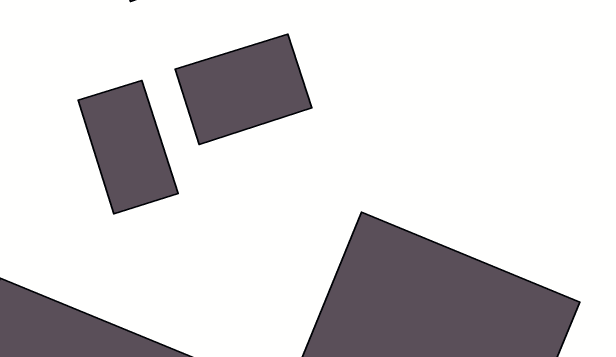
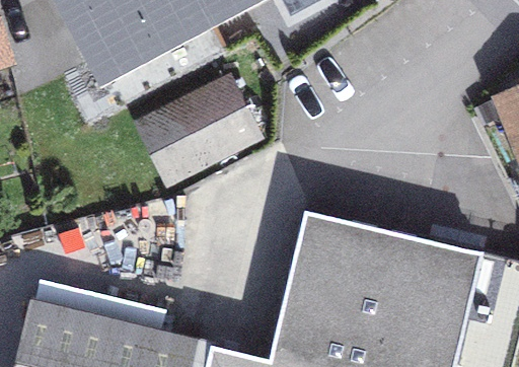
building: [78,80,178,214] -> none

